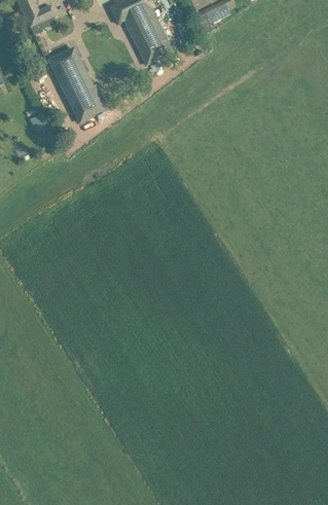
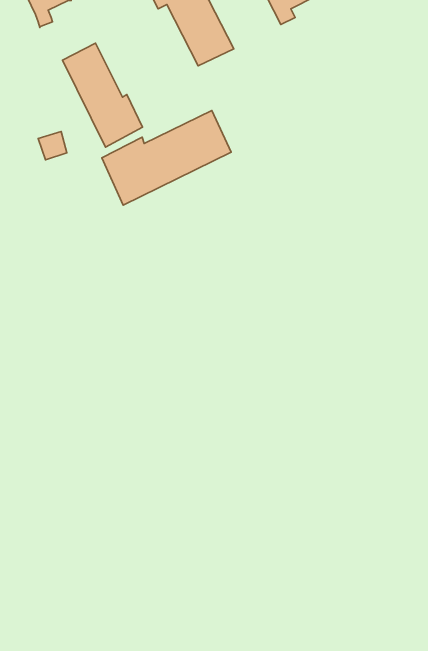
building: none -> [102,111,231,205]

